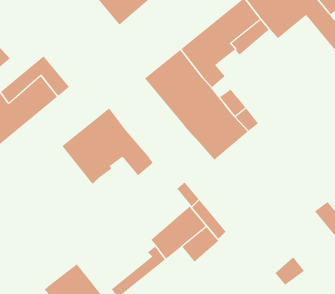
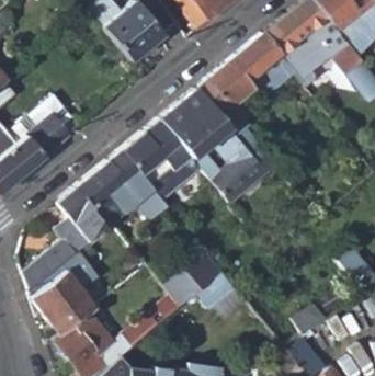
building: none -> [123,117,201,200]
building: none -> [24,189,105,290]
building: none -> [33,270,95,333]

